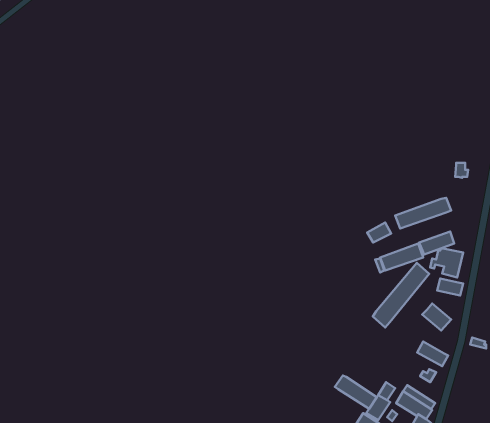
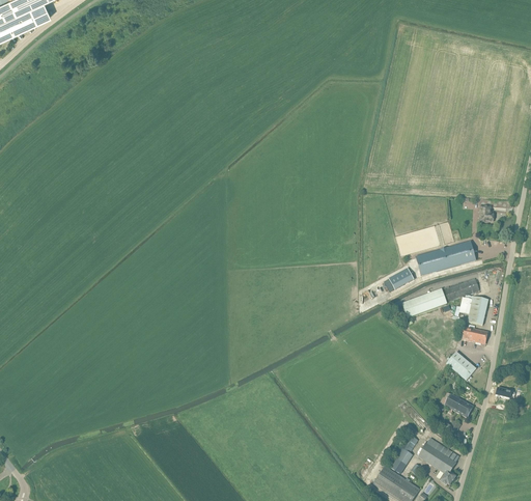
building: [373,263,429,327] -> none
building: [335,376,377,409] -> none

